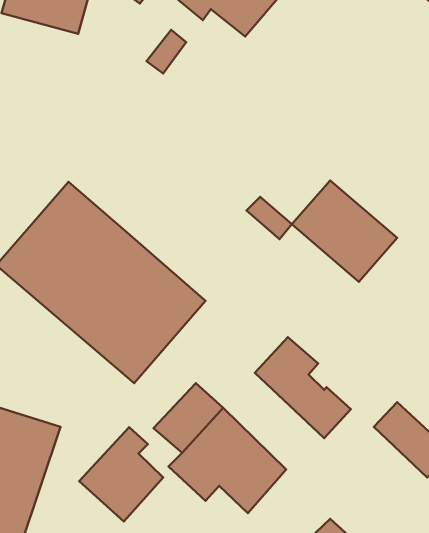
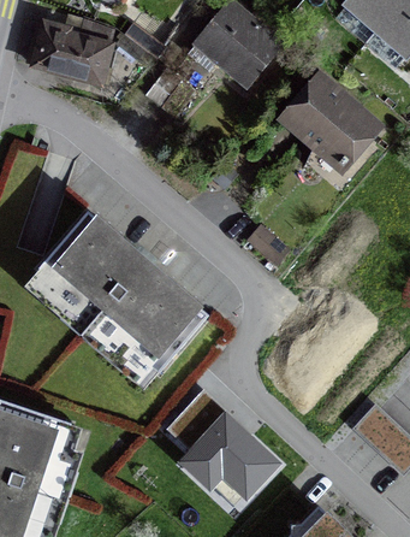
building: [292,180,397,282] -> [283,78,375,167]
building: [255,337,351,438] -> none
building: [79,427,163,522] -> none

